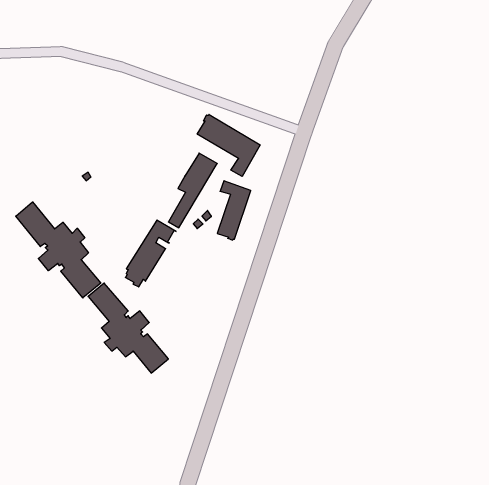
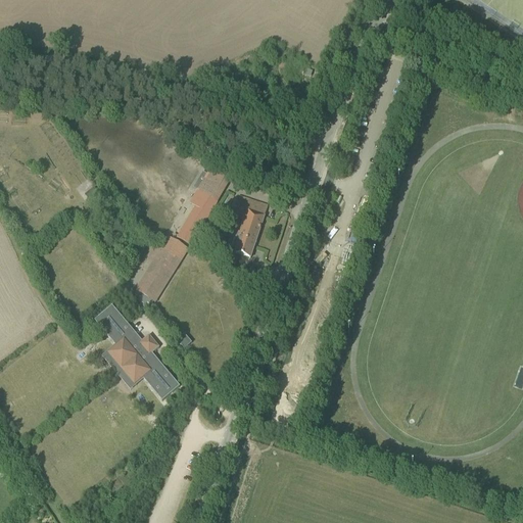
building: [197,114,260,176] -> none
building: [16,202,101,298] -> none

